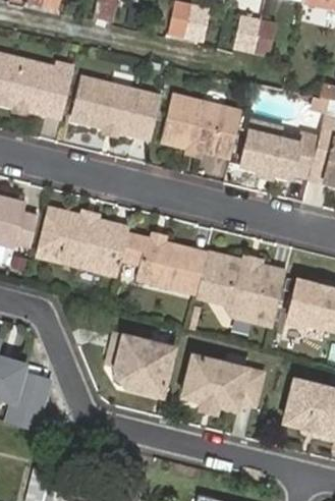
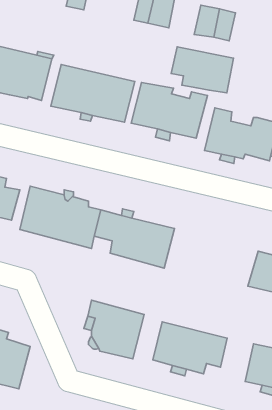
building: none -> [171,47,234,93]
building: [194,255,284,327] -> none

